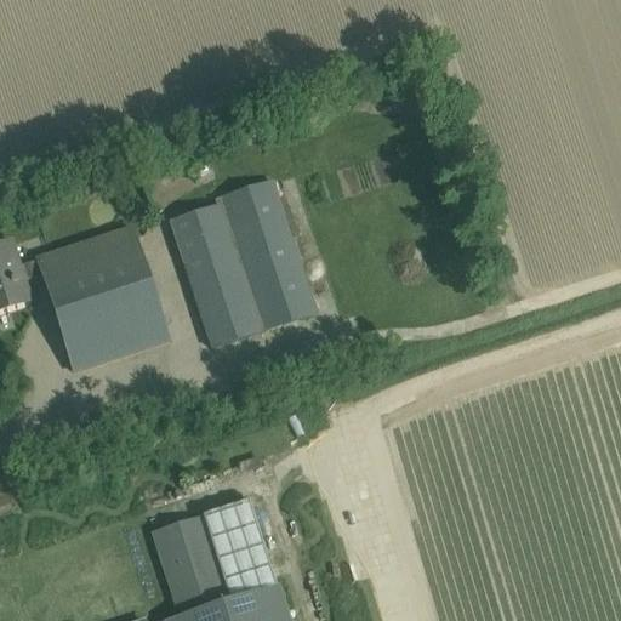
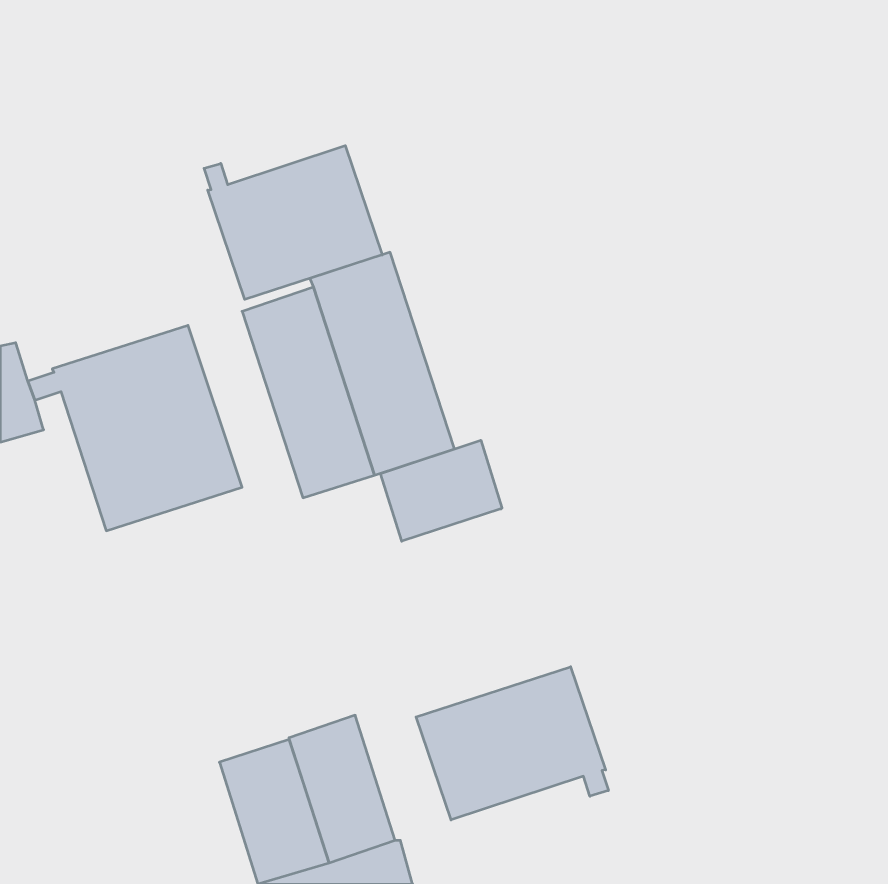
building: none -> [204,146,382,299]
building: none -> [381,440,502,541]
building: none -> [416,667,608,820]

